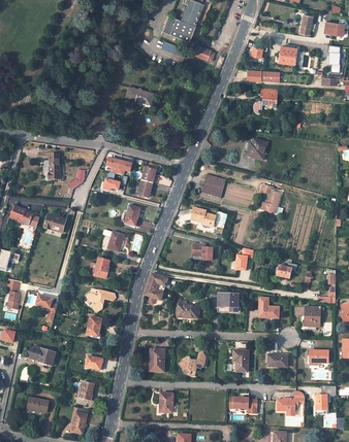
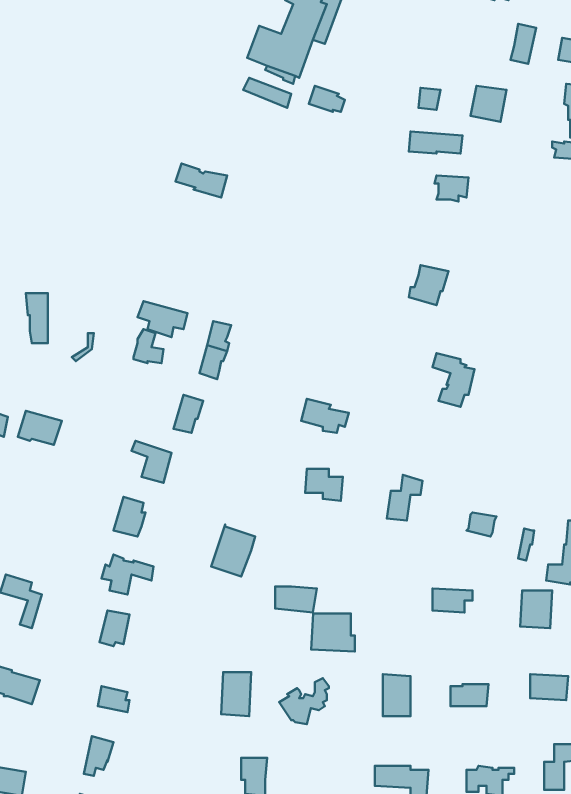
building: [201,174,226,198] -> none
building: [218,294,241,313] -> [311,613,355,651]

